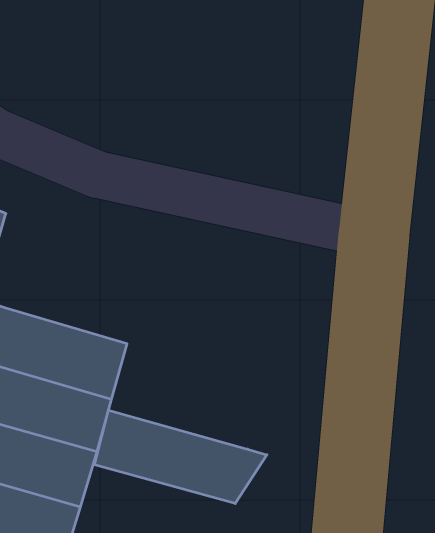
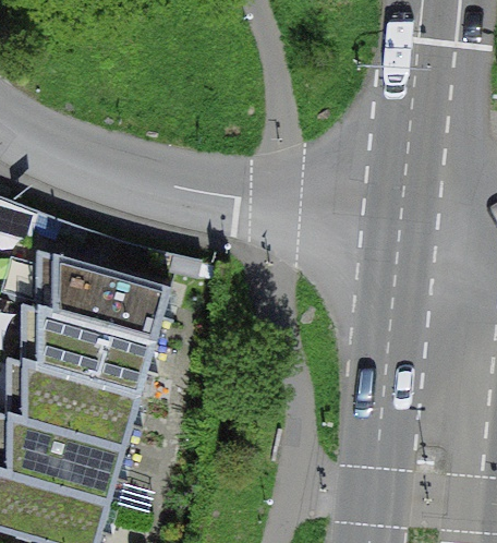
building: none -> [36,250,171,342]
building: [94,410,267,504] -> none

